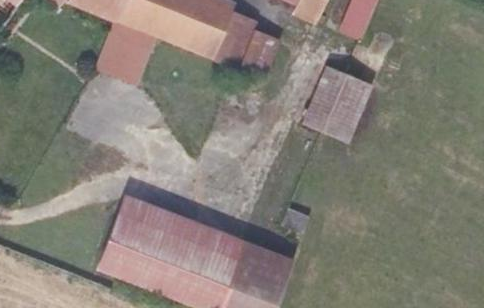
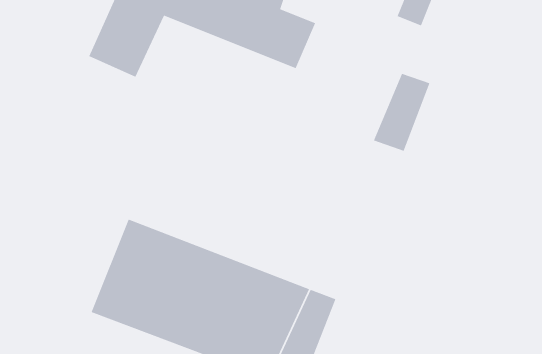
building: [305,73,345,134] -> none

